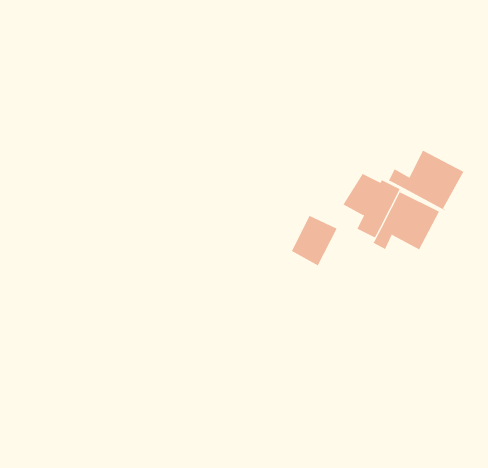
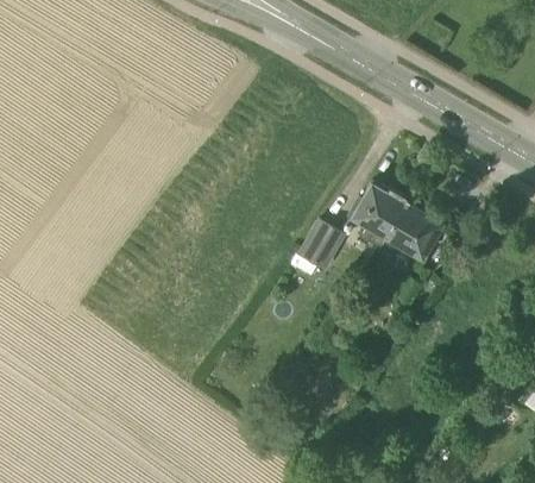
building: [388,150,464,212] -> none

